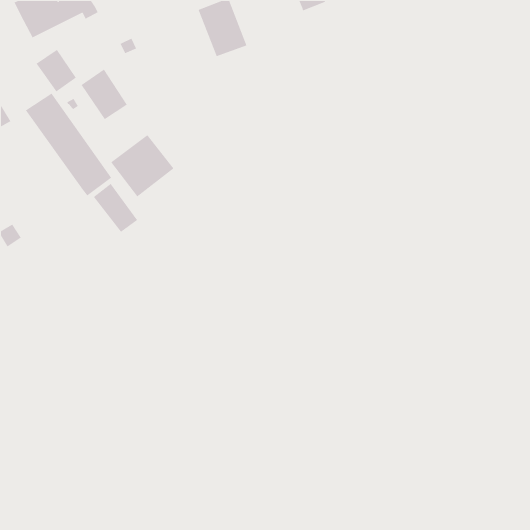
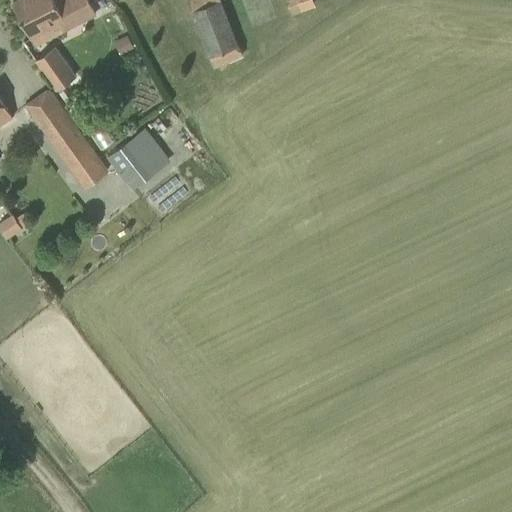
building: [81,68,128,120] -> none
building: [93,183,138,233] -> none

